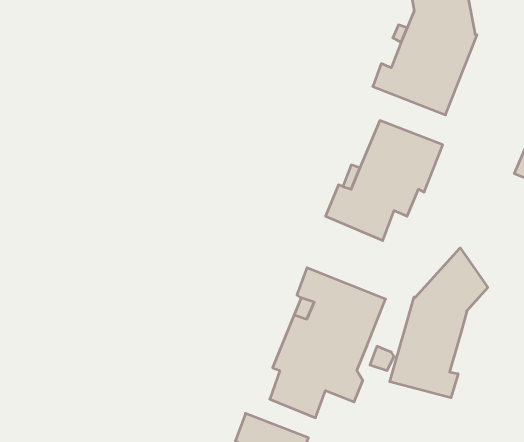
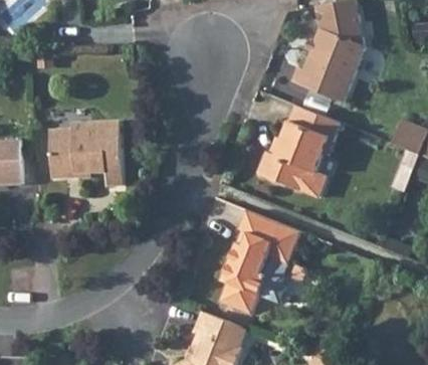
building: none -> [49,121,122,186]
building: [390,248,488,398] -> none

